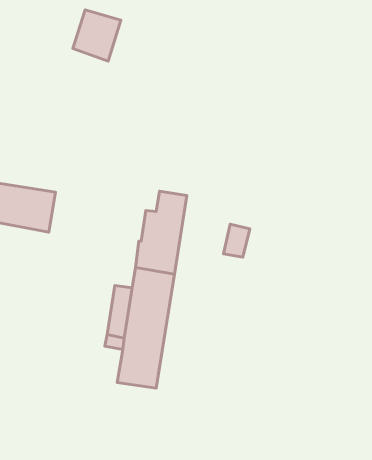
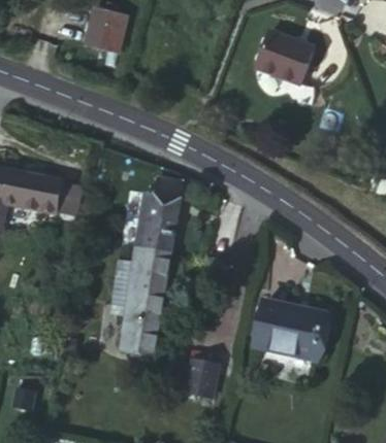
building: none -> [257,33,314,84]
building: none -> [256,304,326,356]
building: none -> [183,365,217,401]

